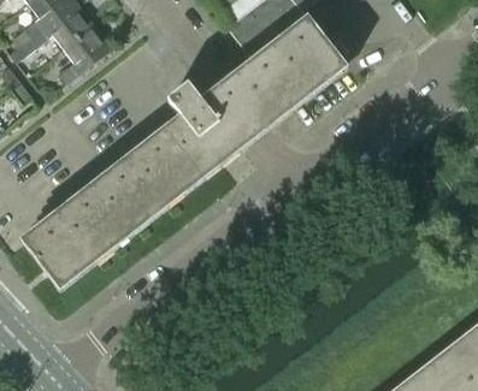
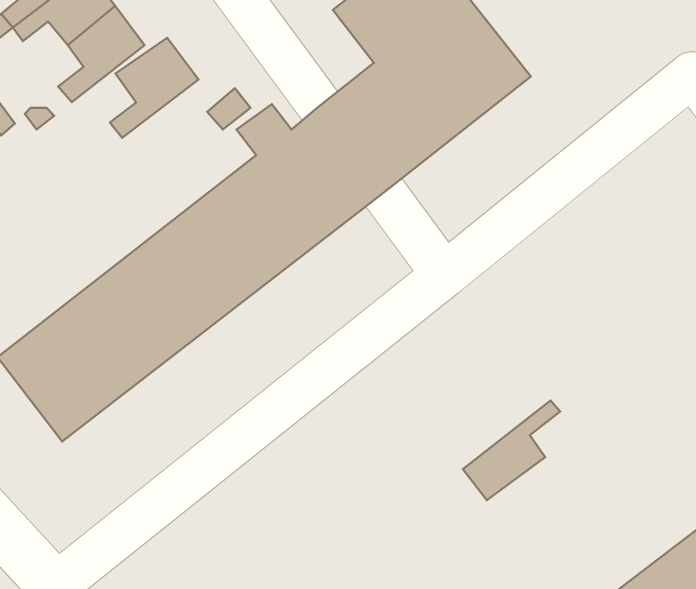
building: none -> [110,38,198,138]
building: none -> [463,400,560,500]

